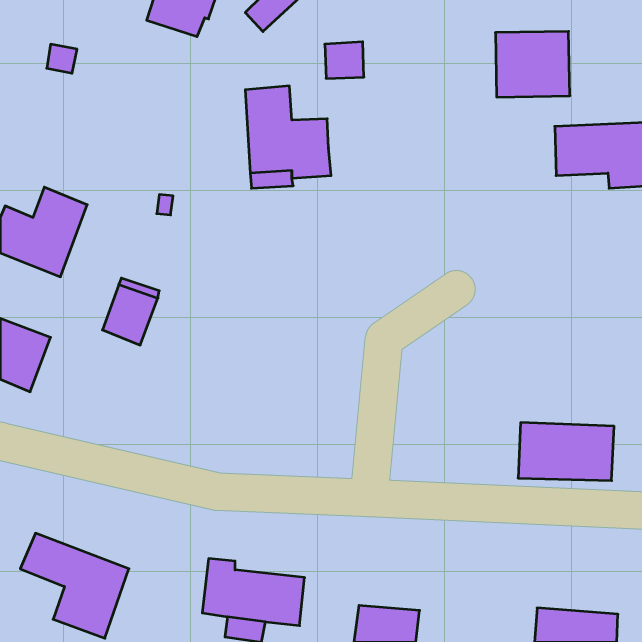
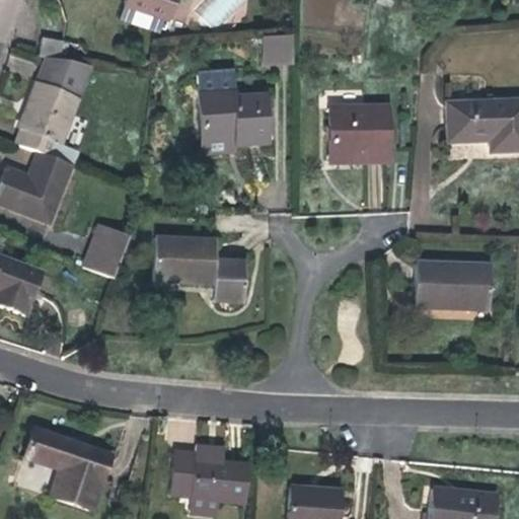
building: [495,31,570,97] -> [330,104,390,157]
building: none -> [15,62,90,164]
building: none -> [154,235,247,301]
building: [518,423,614,481] -> [416,262,493,308]

